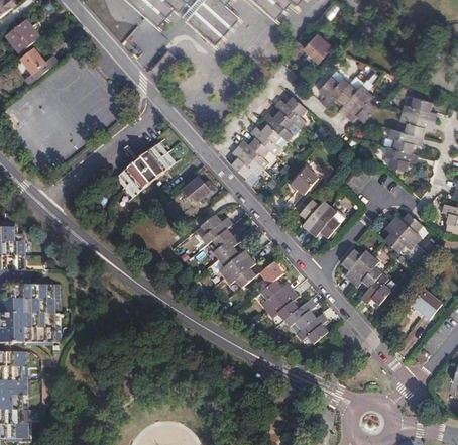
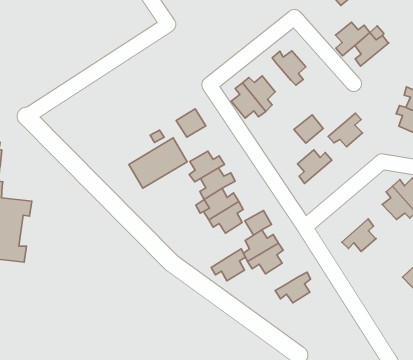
building: [345,90,377,122] -> none
building: [274,96,307,128] -> none
building: [250,124,282,155] -> none
building: [119,144,173,195] -> [129,138,187,188]
building: [309,206,340,238] -> [328,113,363,147]
building: [342,248,372,281] -> none
building: [360,272,391,304] -> none
building: [284,299,316,330] -> [211,249,245,281]

